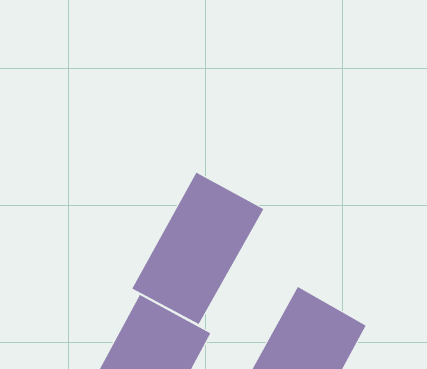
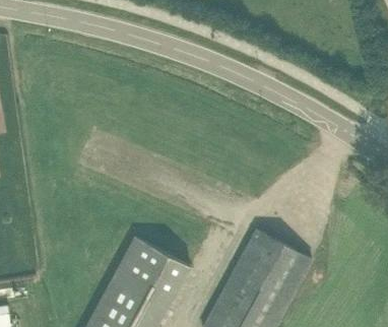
building: [132,172,264,325] -> none

